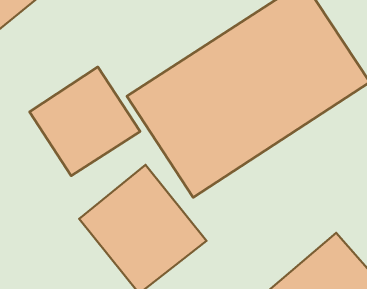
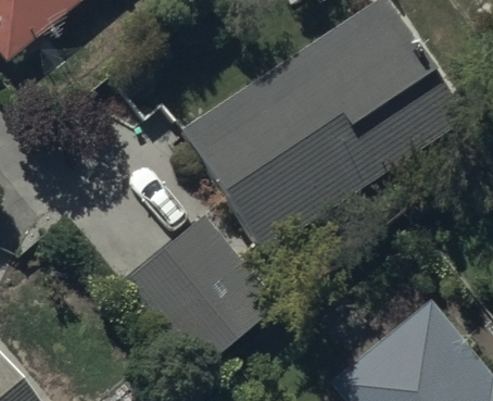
building: [29,67,140,176] -> none

